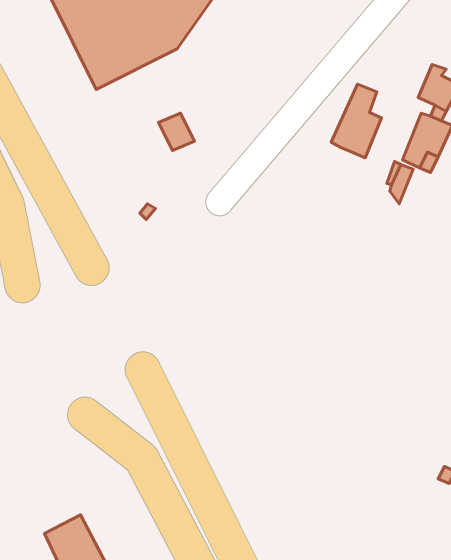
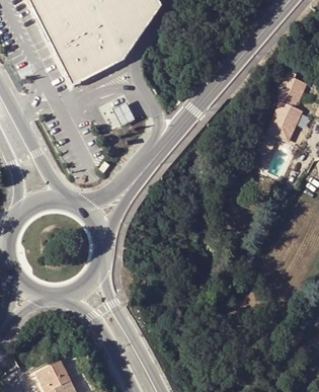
building: [331,84,382,158] -> none

